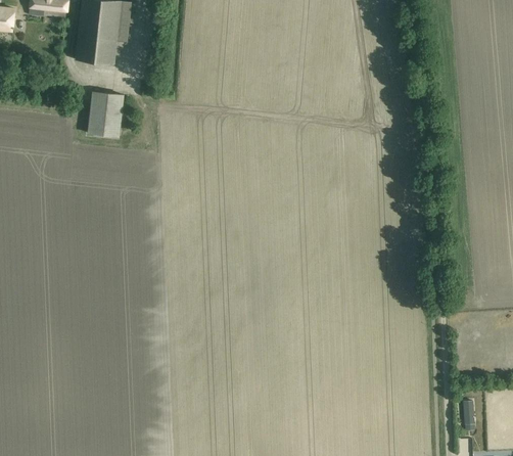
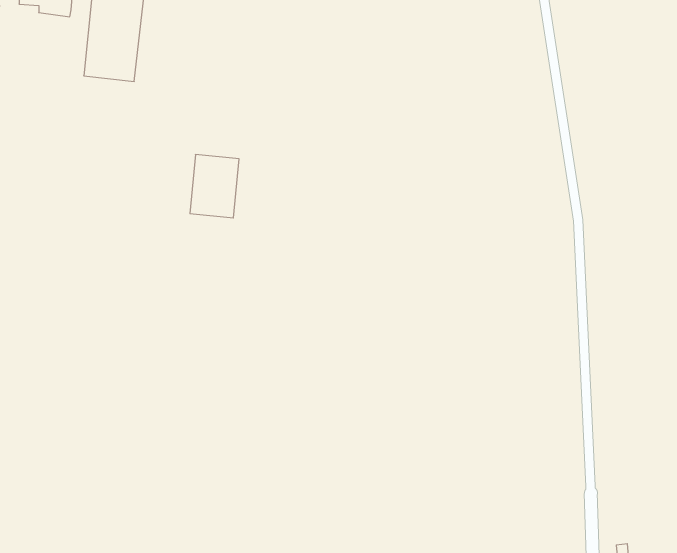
building: [89,91,125,137] -> [190,155,239,218]

